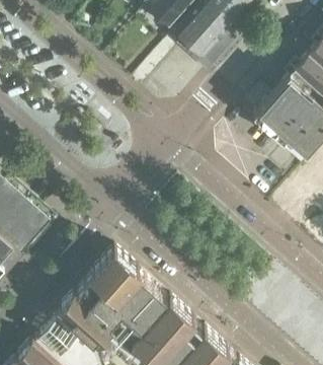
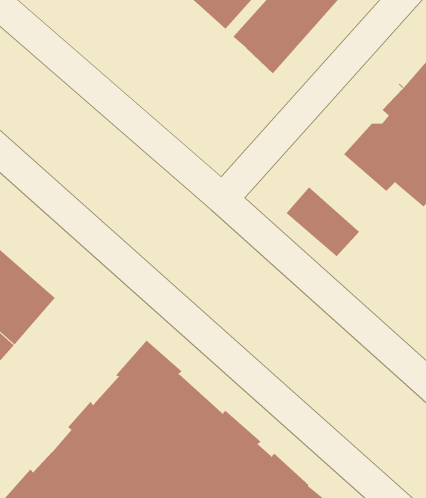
building: none -> [286,187,360,257]

